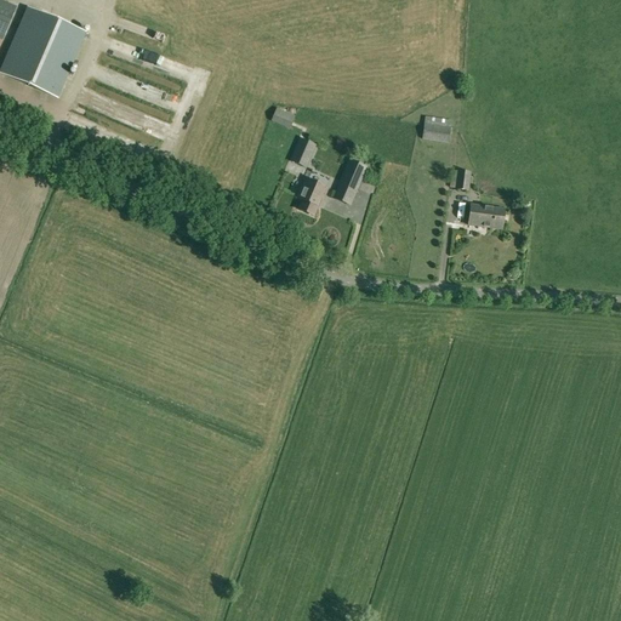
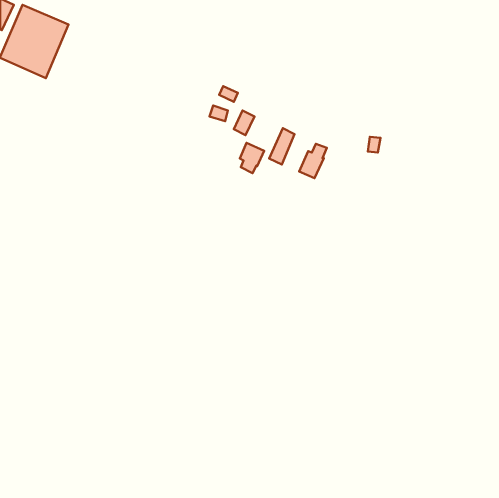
building: [423,115,454,141] -> none
building: none -> [299,144,327,178]
building: [469,205,506,228] -> none

